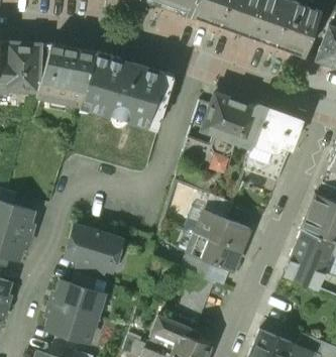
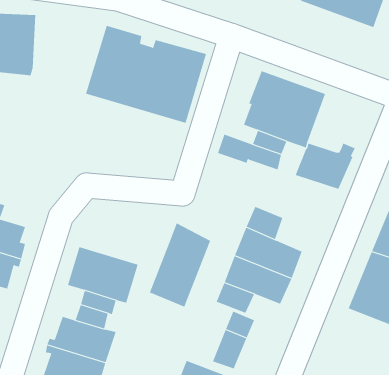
building: [33,44,95,113] -> none
building: [252,108,301,153] -> none
building: none -> [149,223,211,307]

